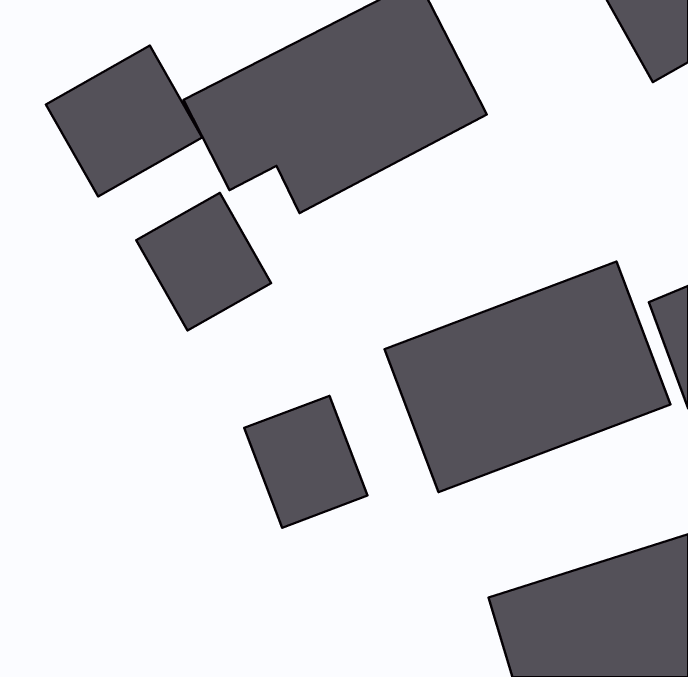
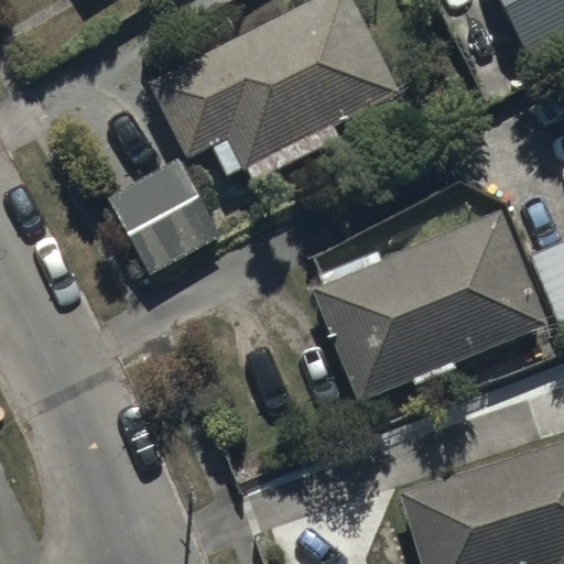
building: [46,45,202,197] -> none
building: [244,396,367,528] -> none

